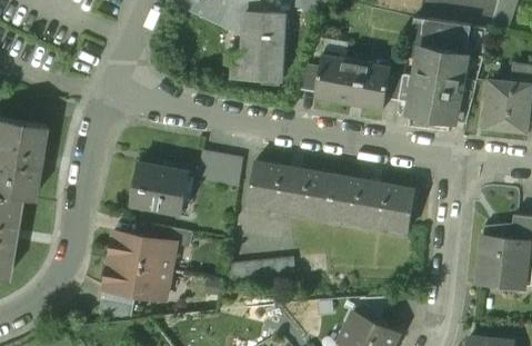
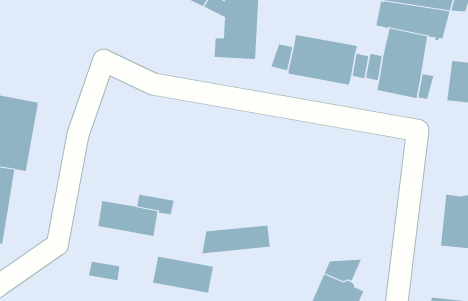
building: [198,154,242,186] -> none
building: [248,164,415,231] -> none
building: [130,165,189,214] -> none
building: [103,260,170,300] -> [152,256,214,293]

